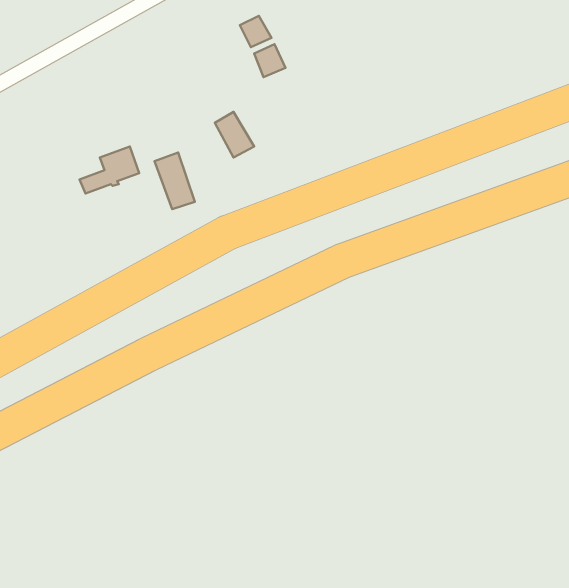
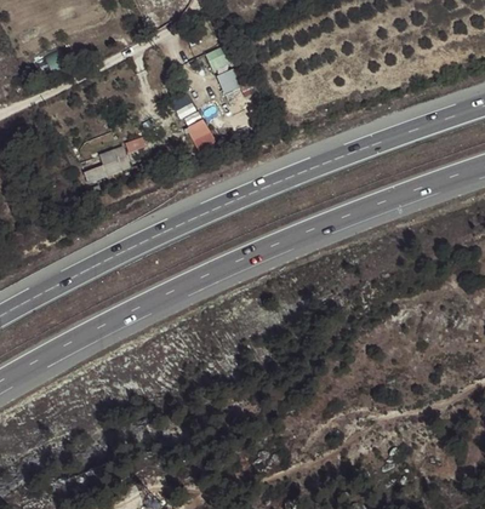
building: [155,152,195,209] -> none

